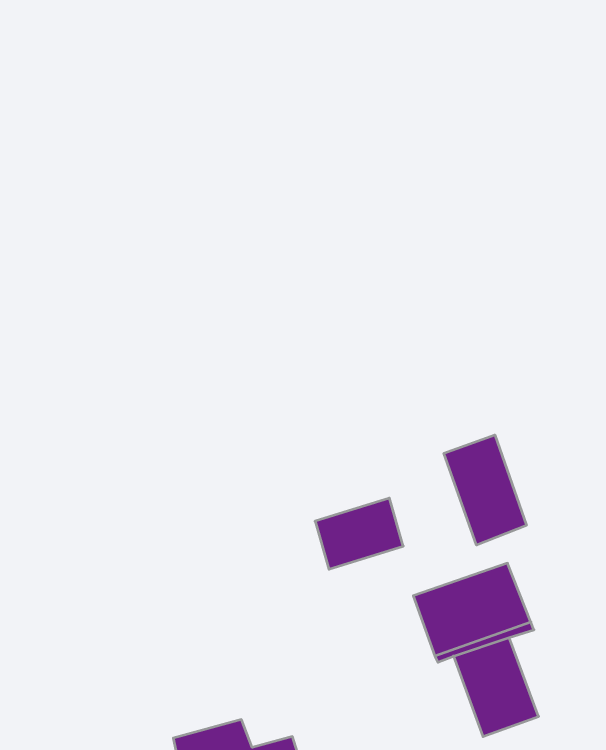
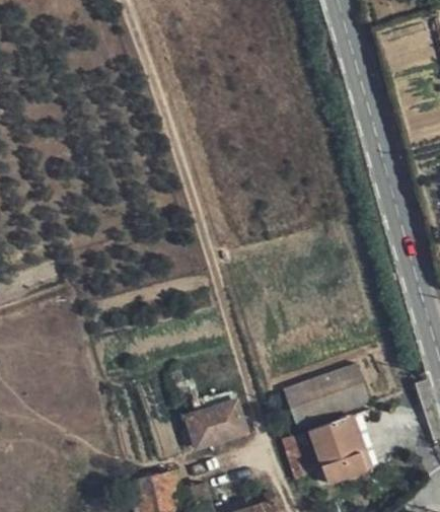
building: [444,435,526,545] -> none
building: [315,498,403,569] -> [189,403,246,449]

